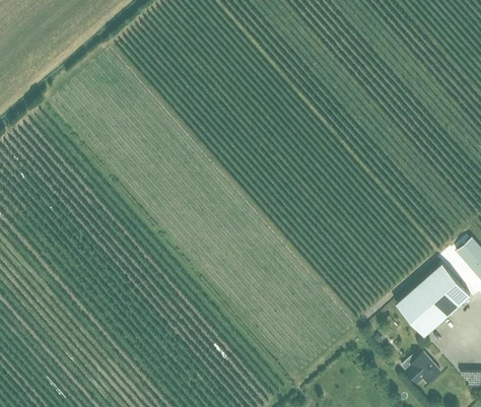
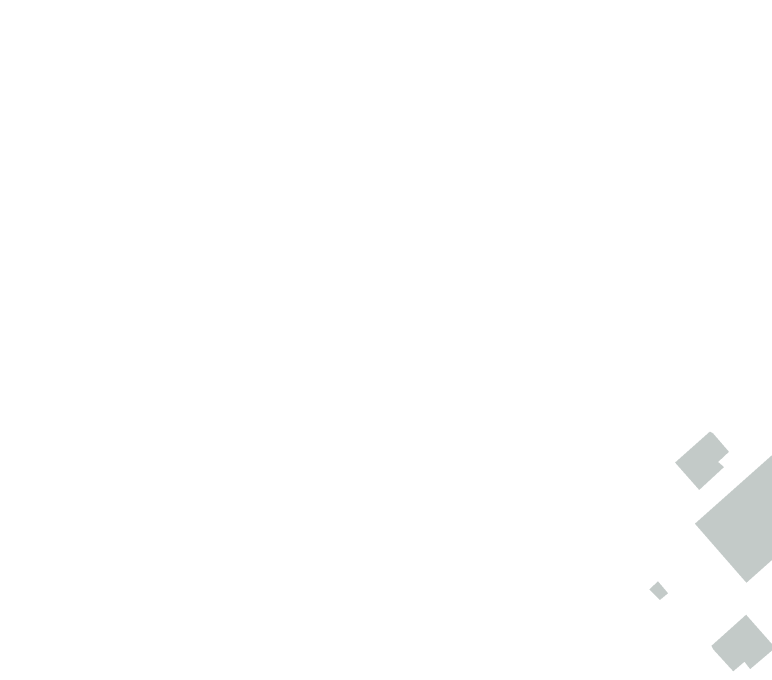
building: none -> [674,431,730,491]

